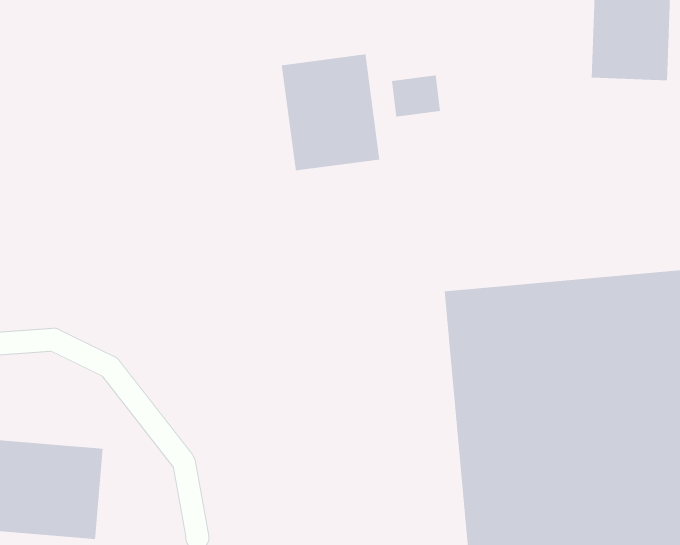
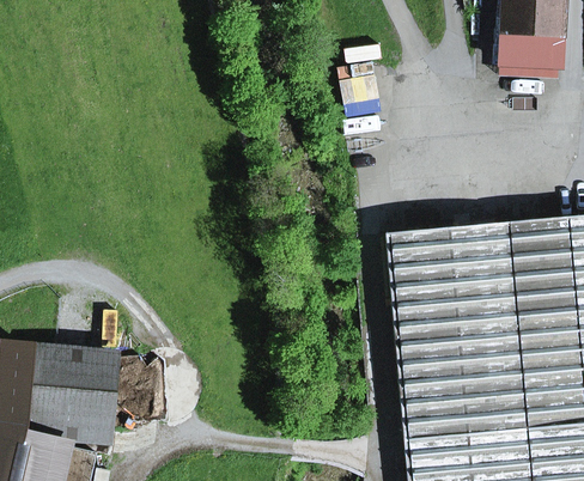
building: [281,54,380,171] -> none

